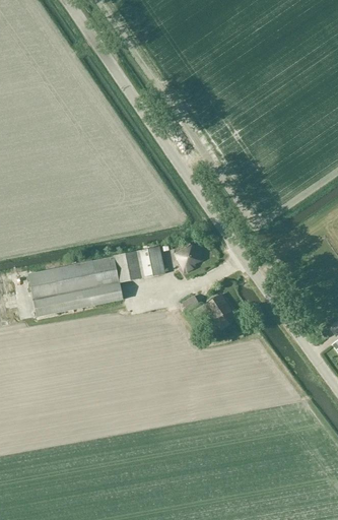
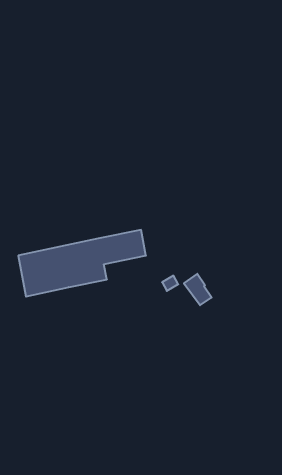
building: [176,244,200,272] -> none

